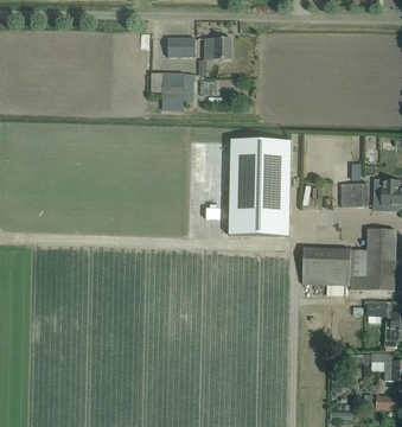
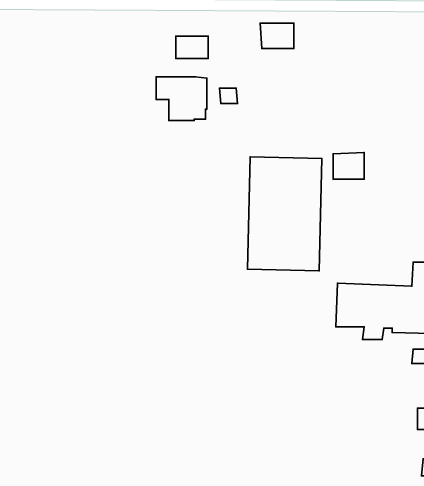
building: [203,38,231,59] -> [260,23,294,49]
building: [342,183,368,205] -> [333,152,364,179]

